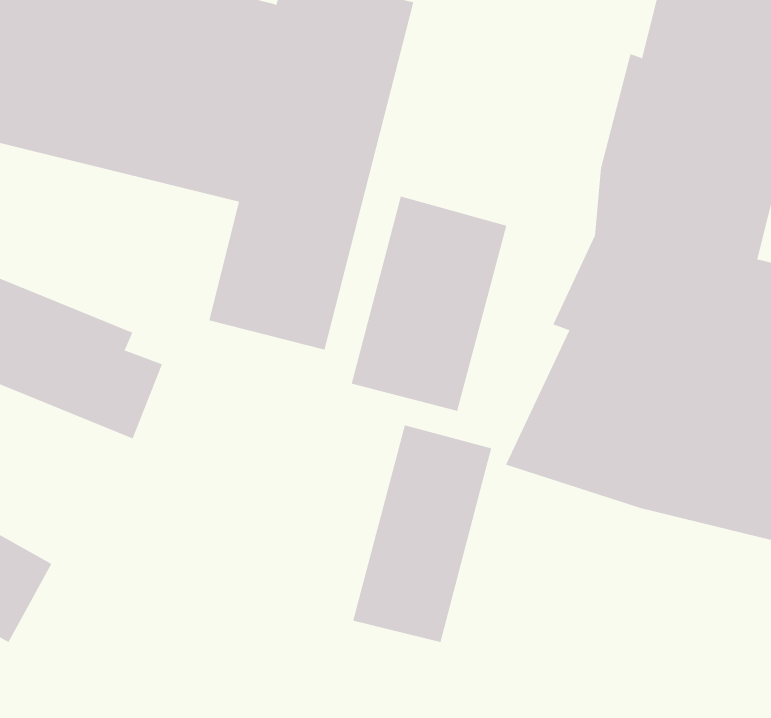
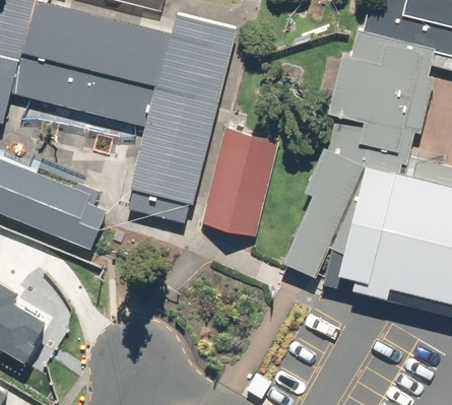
building: [353,424,492,643] -> none

